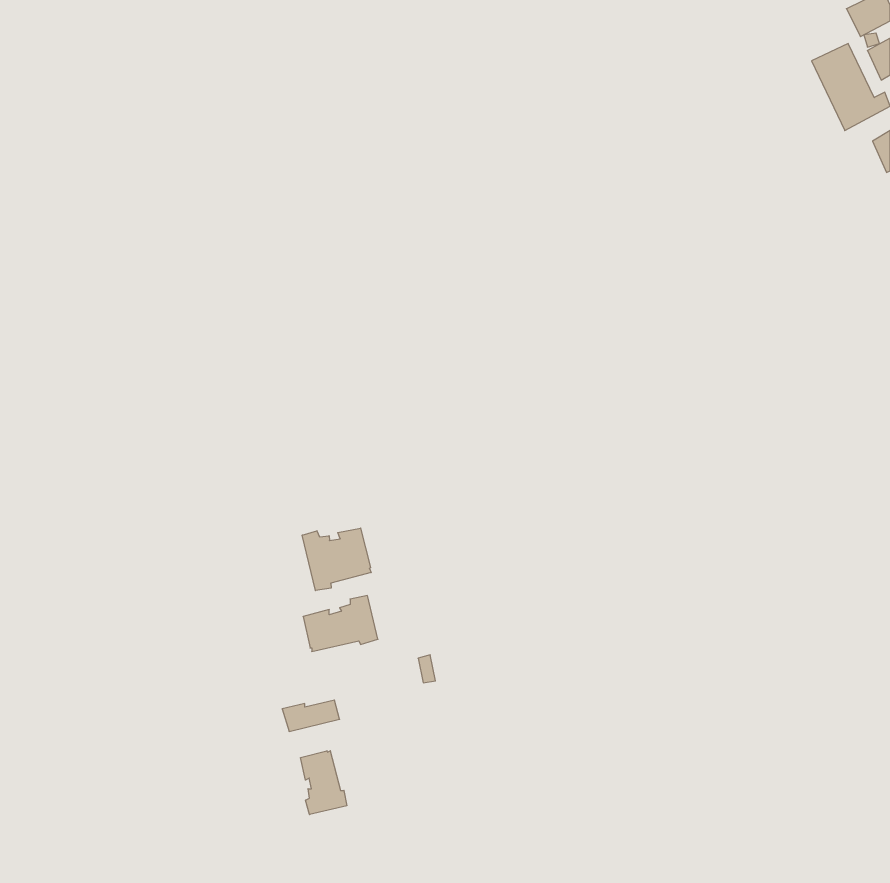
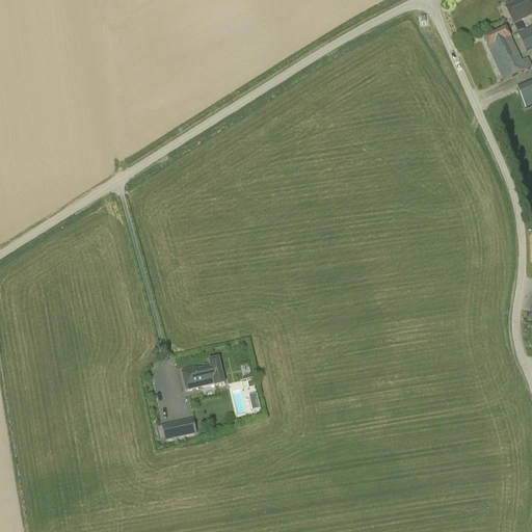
building: [302,528,371,591] -> none
building: [301,751,347,815] -> none

